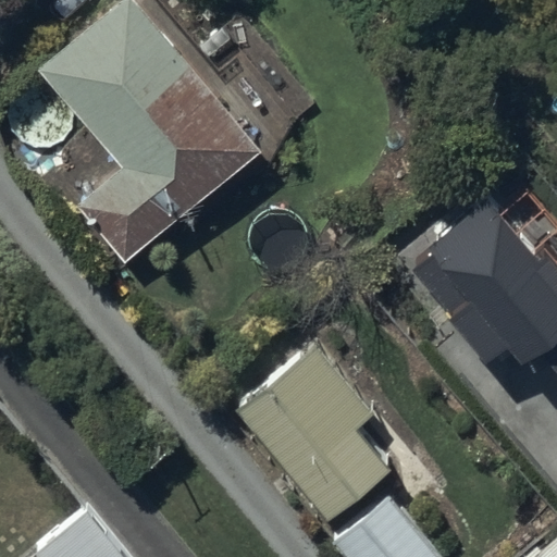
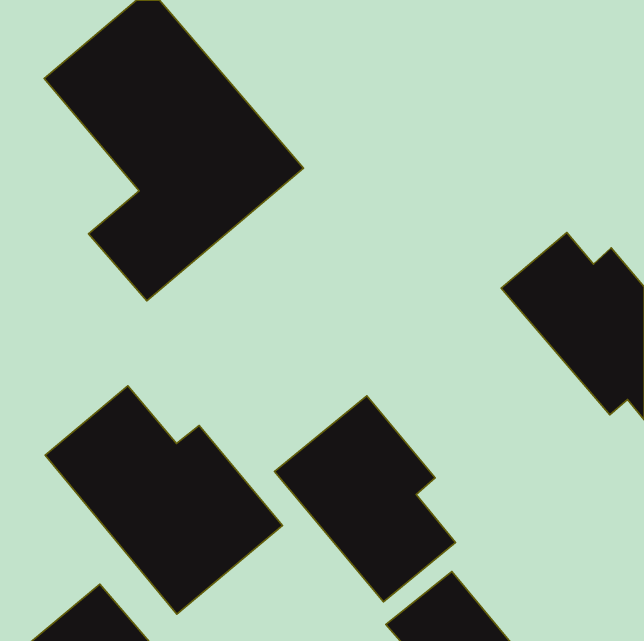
building: none -> [45,386,282,614]

